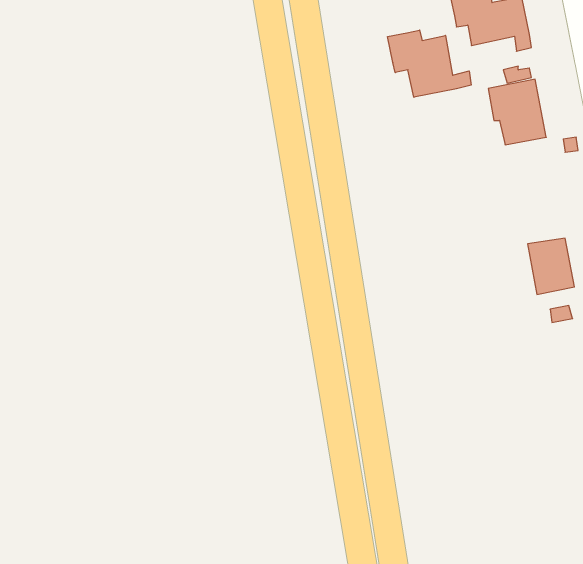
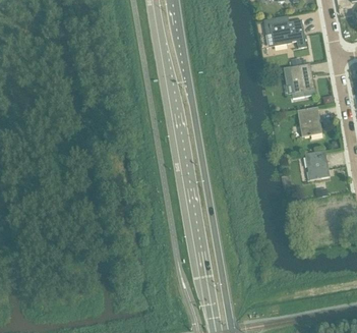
building: [388,30,471,97] -> none
building: none -> [297,106,321,135]

